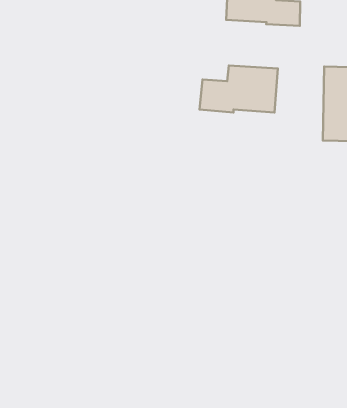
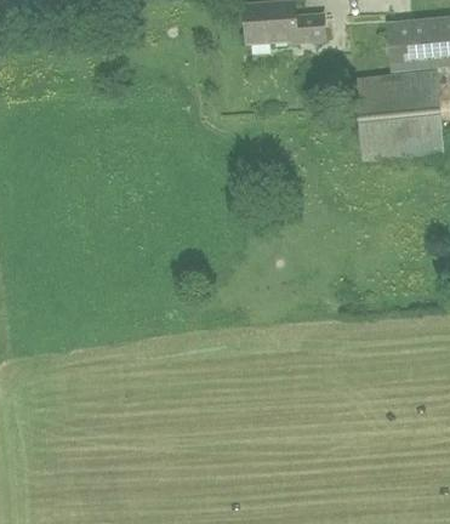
building: [200,65,278,113] -> none

